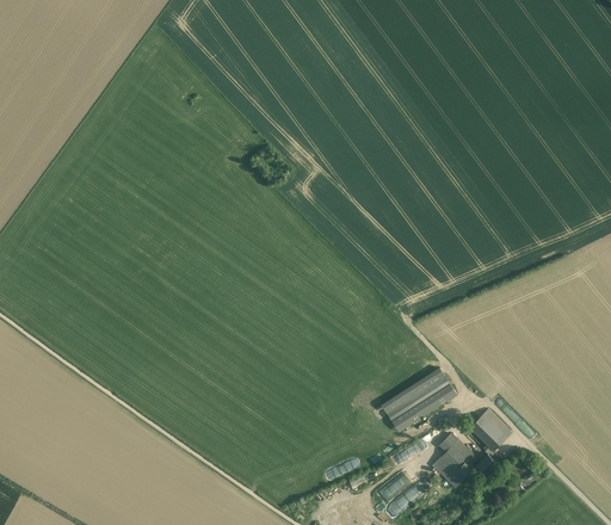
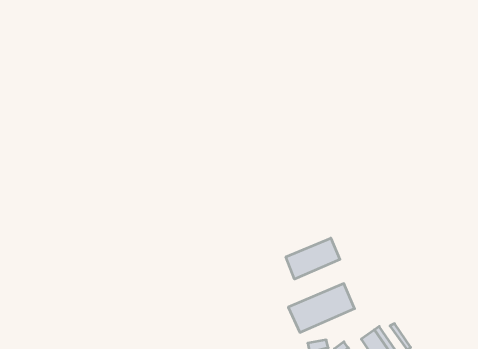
building: none -> [286,238,340,279]

